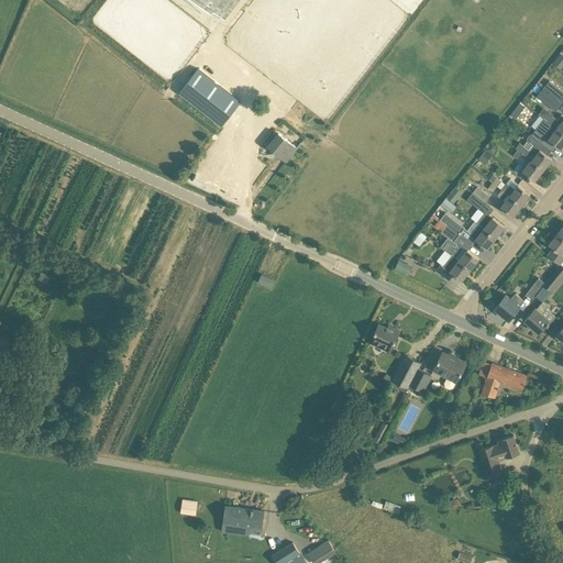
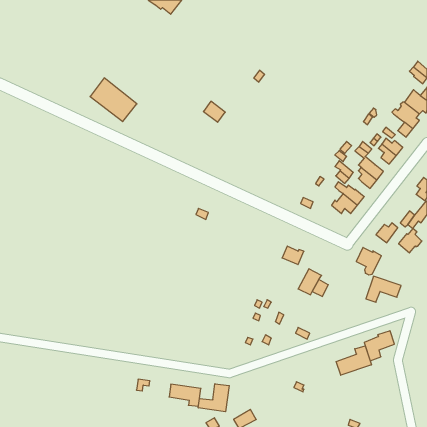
building: [178,69,240,126] -> [90,78,137,122]
building: [432,353,465,389] -> [356,247,381,275]
building: none -> [336,346,371,375]
building: none -> [198,384,229,412]

